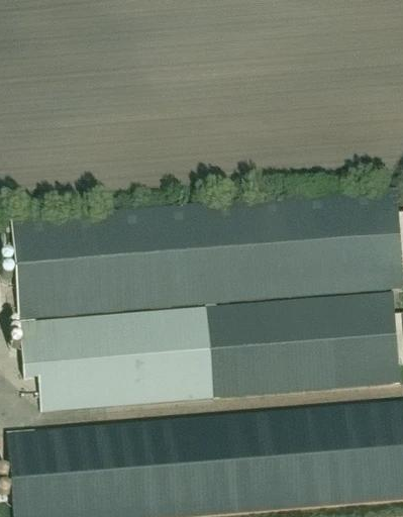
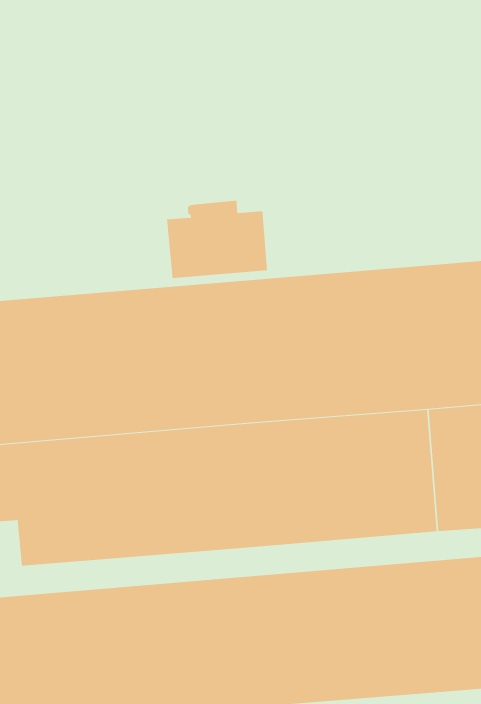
building: none -> [167,200,268,279]

